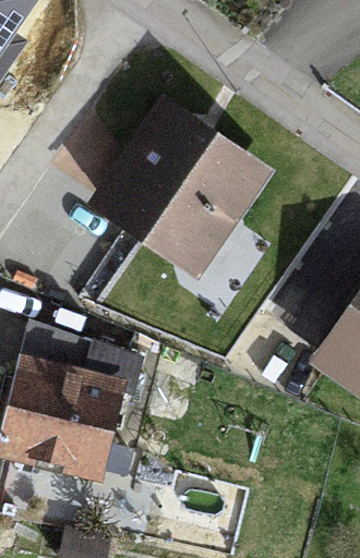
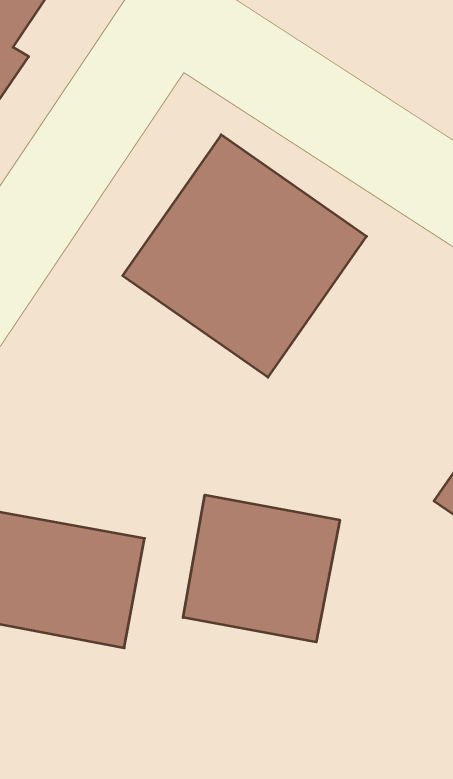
building: none -> [183,495,340,642]

